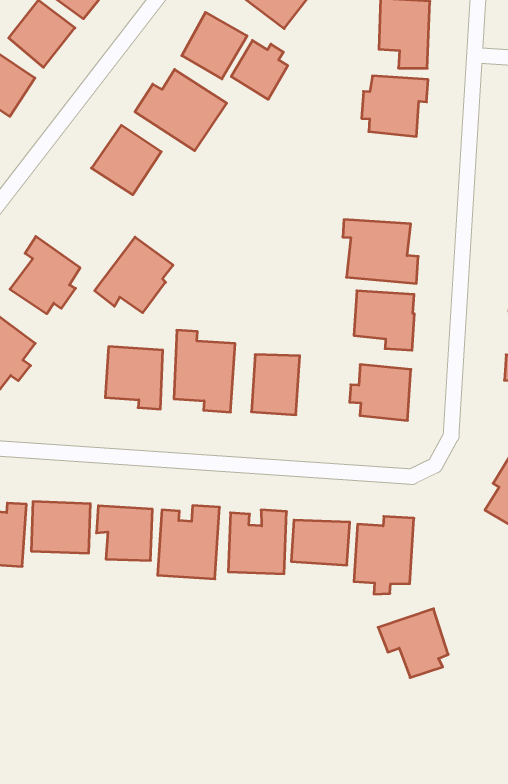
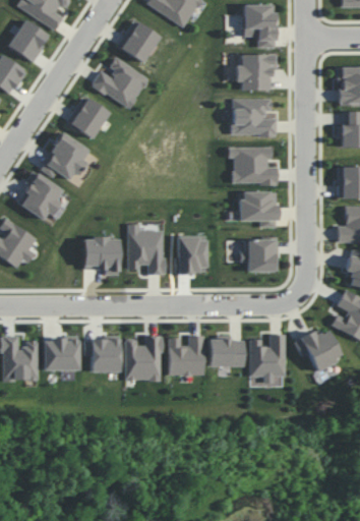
building: [231,40,288,99] -> none
building: none -> [233,98,277,135]
building: [95,237,173,313] -> [41,133,89,181]
building: [378,609,448,678] -> [294,327,340,371]

